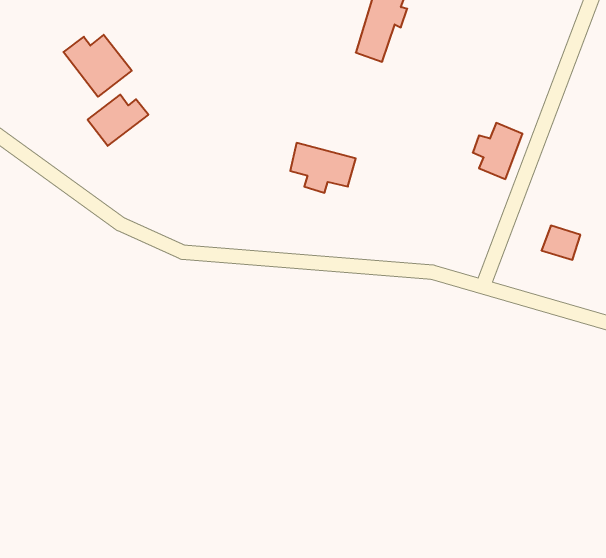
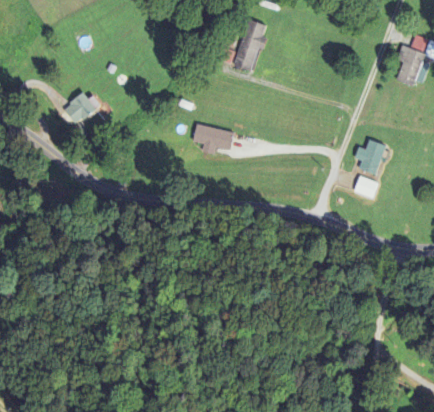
building: [63,35,132,97] -> none
building: [473,123,523,179] -> [354,139,386,175]

